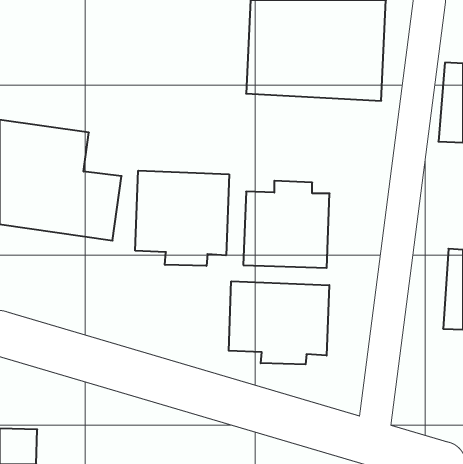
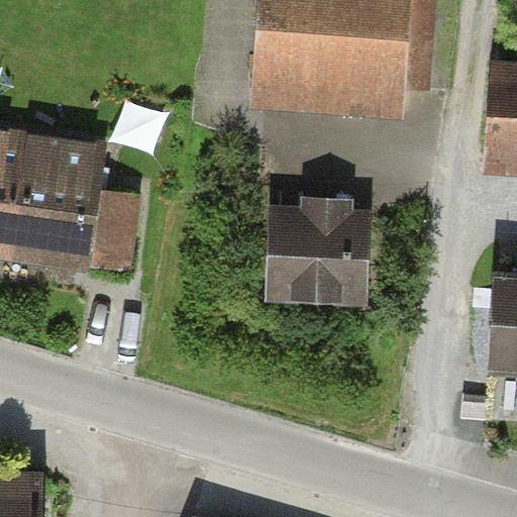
building: [135,171,229,266] -> none
building: [229,281,329,364] -> none

